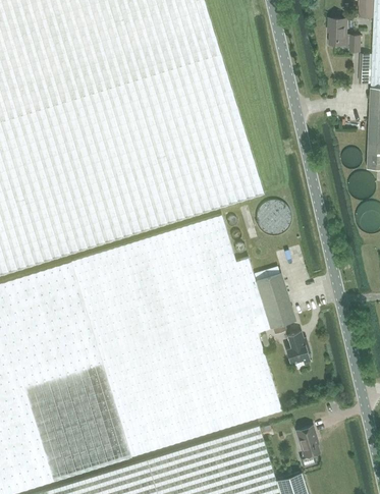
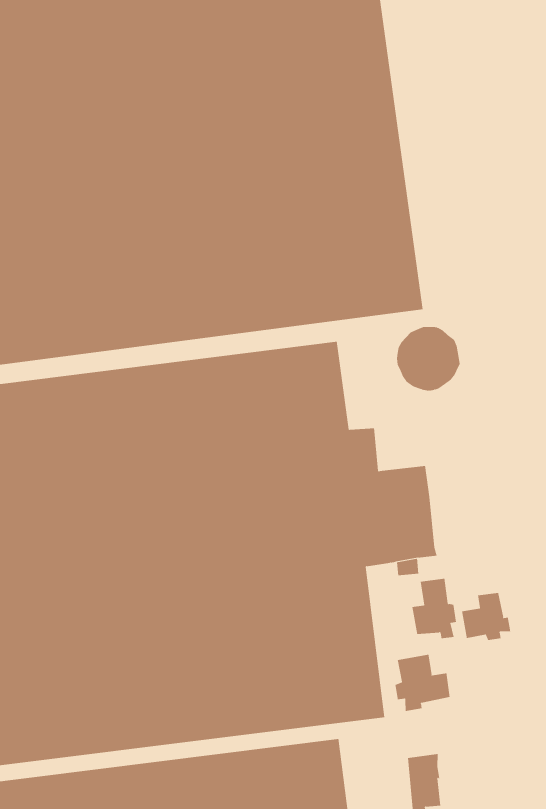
building: none -> [462,592,511,641]
building: none -> [395,654,450,712]

